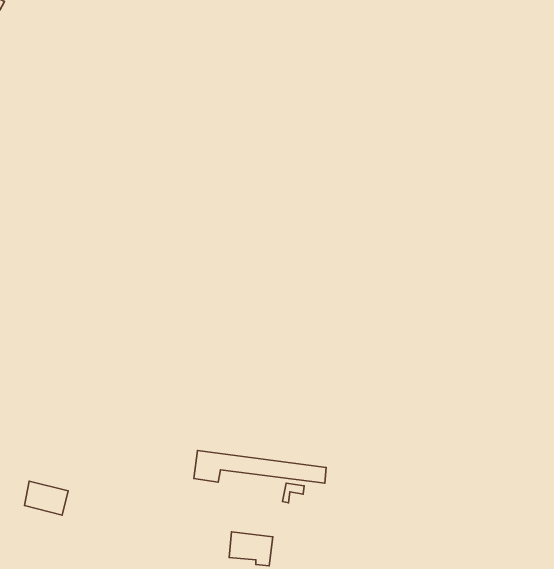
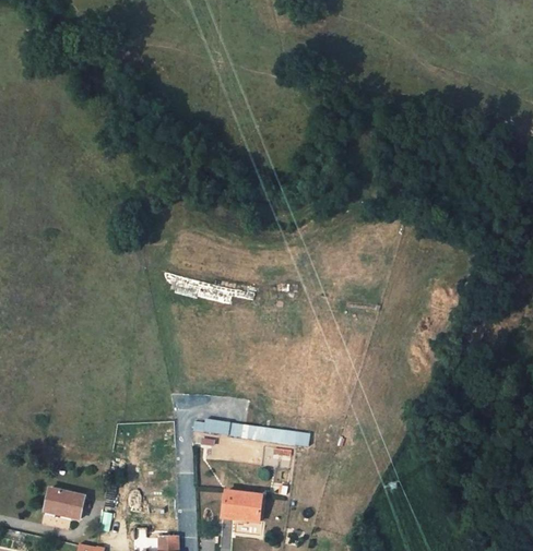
building: [24,481,68,515] -> [44,489,83,519]

